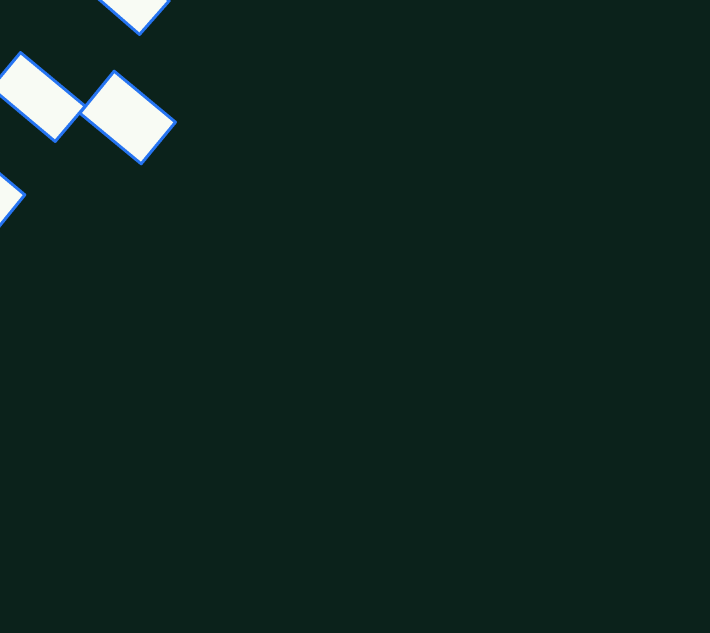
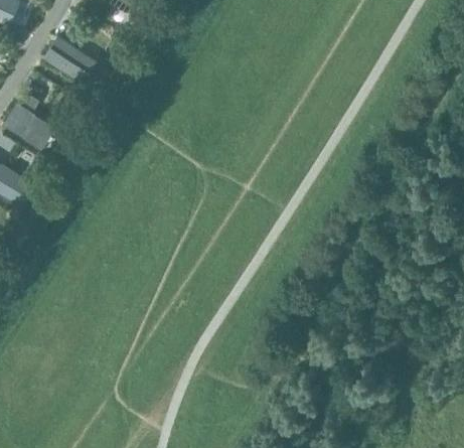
building: [80,71,175,164] -> none

